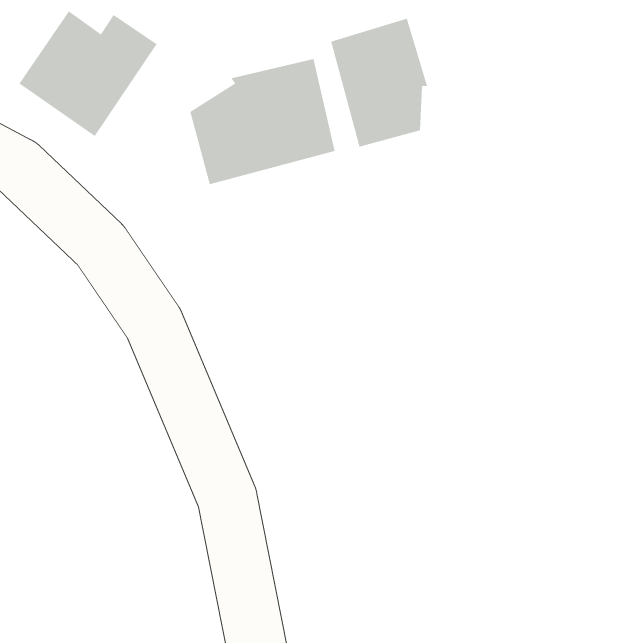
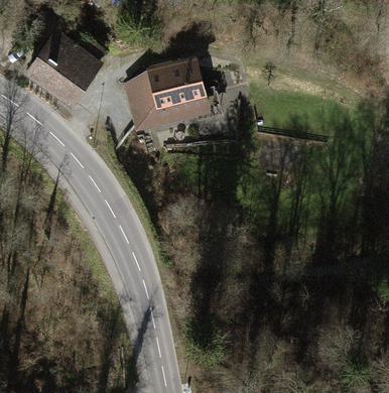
building: [331,18,428,147] -> none

